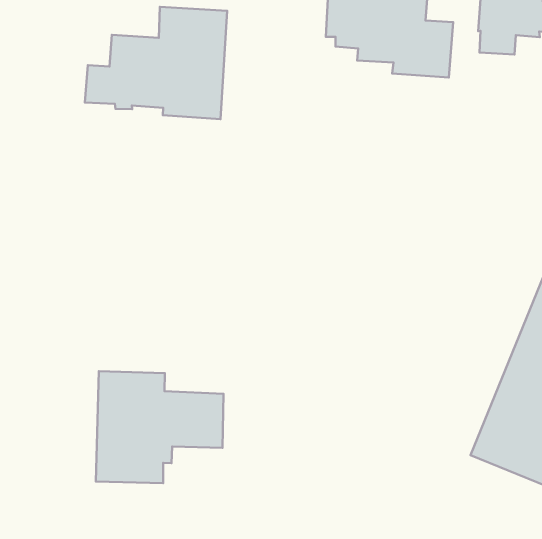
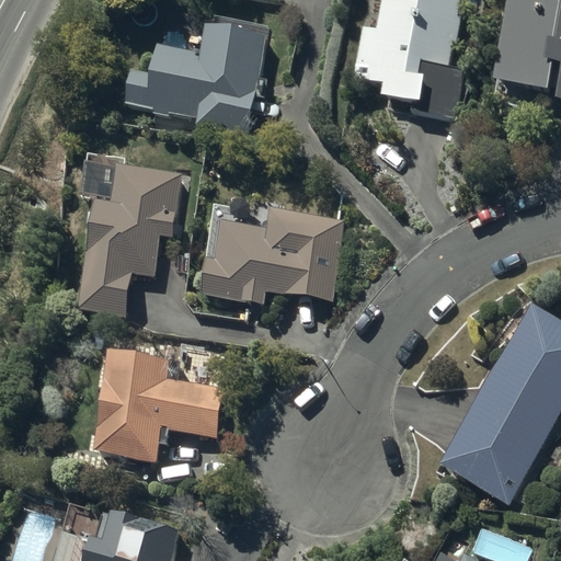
building: none -> [80,160,179,313]
building: none -> [202,207,342,302]

